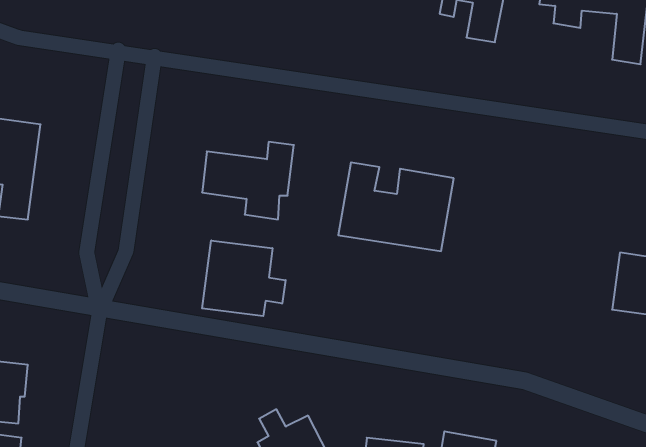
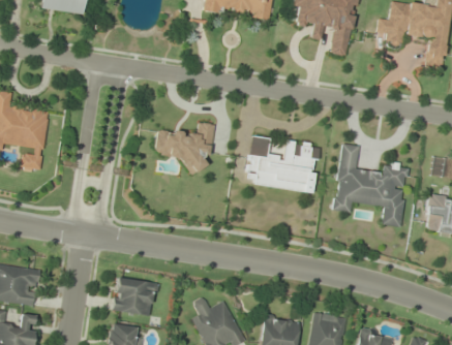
building: none -> [332,144,408,228]
building: [202,240,286,316] -> none
building: none -> [112,277,156,316]

